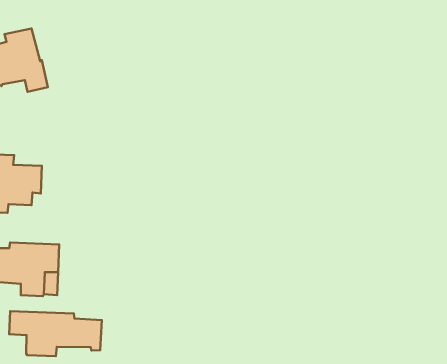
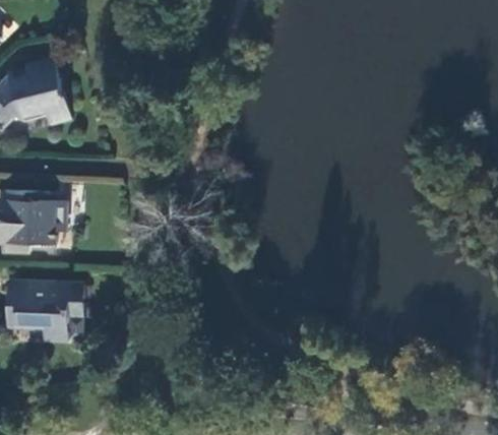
building: [9,311,102,356] -> none

